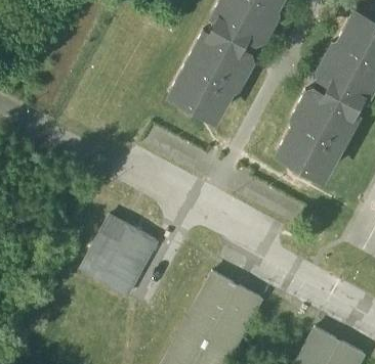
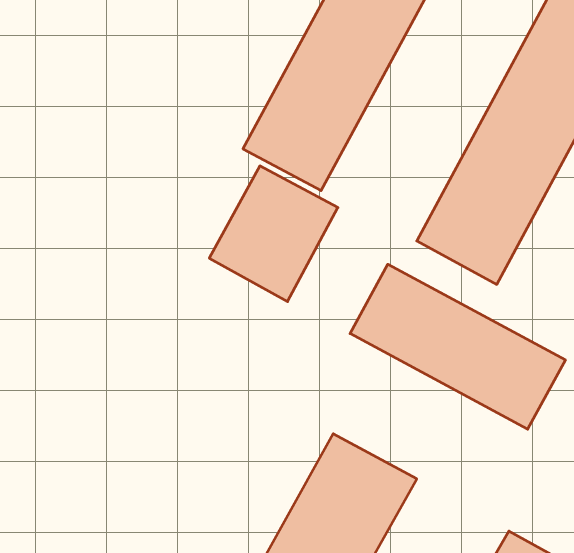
building: none -> [350,264,565,429]
building: [91,216,167,295] -> [209,166,338,302]

